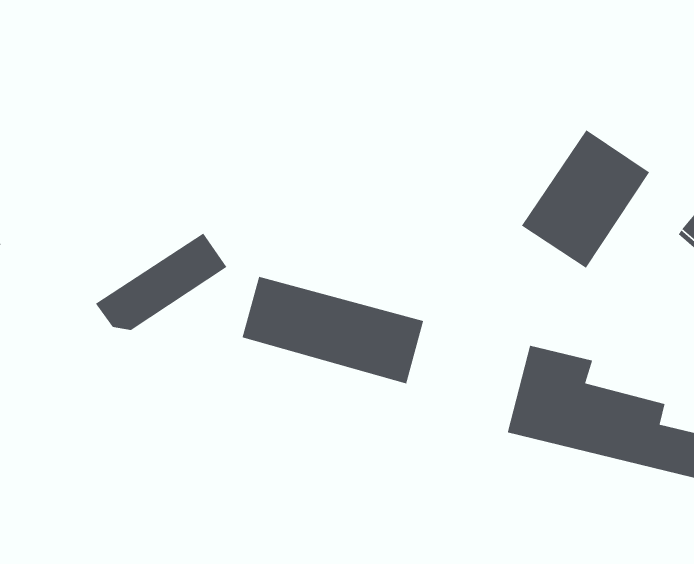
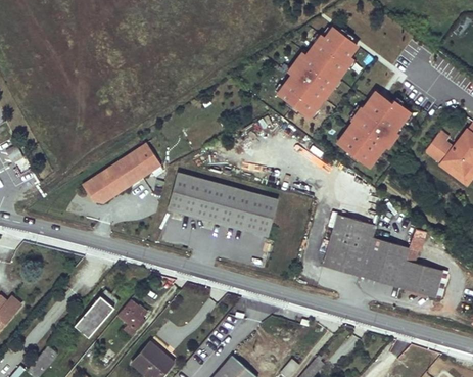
building: none -> [274,25,359,119]
building: none -> [76,288,121,337]
building: none -> [119,299,147,337]

